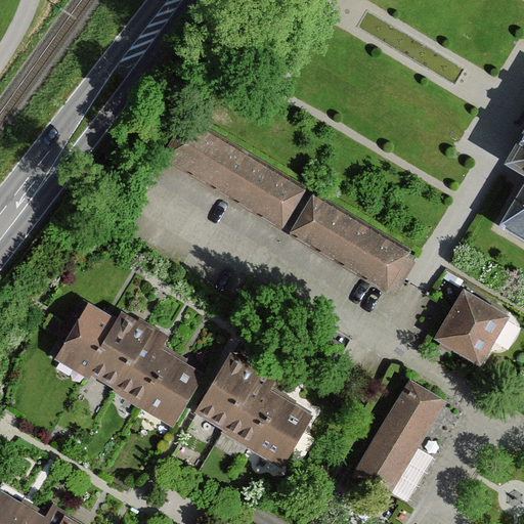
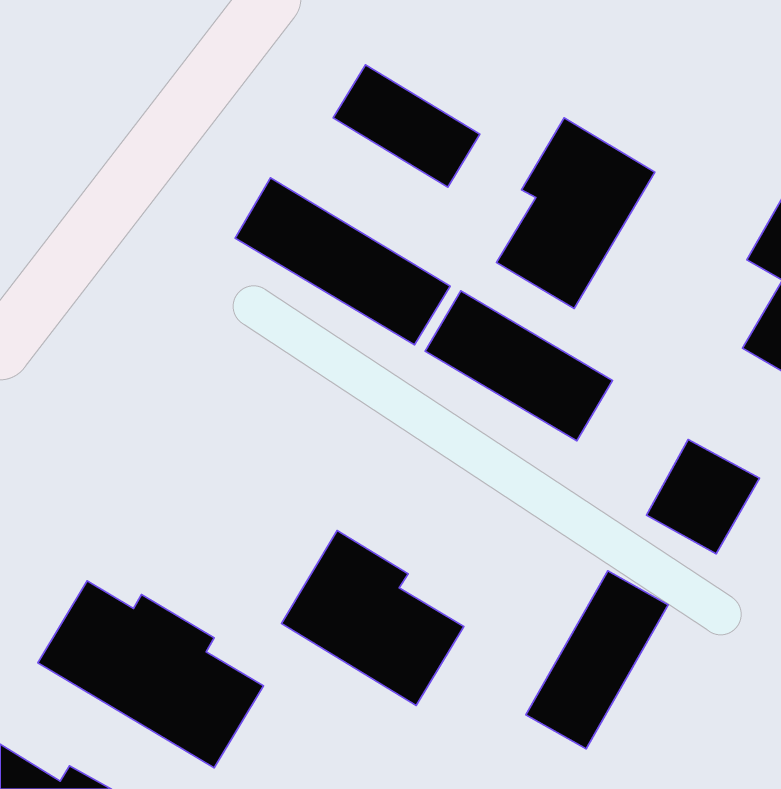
building: none -> [333,65,480,187]
building: none -> [497,118,655,309]
building: [53,301,203,425] -> [38,581,264,768]

